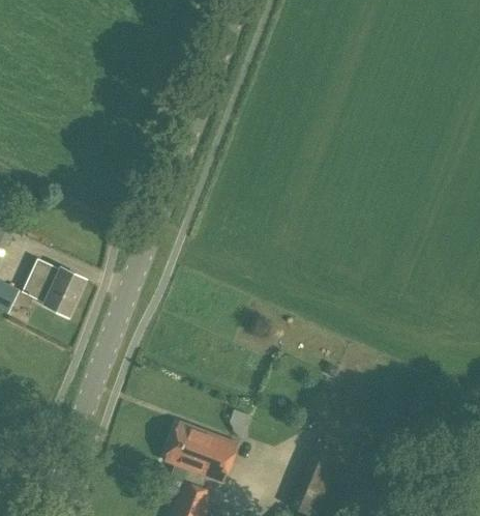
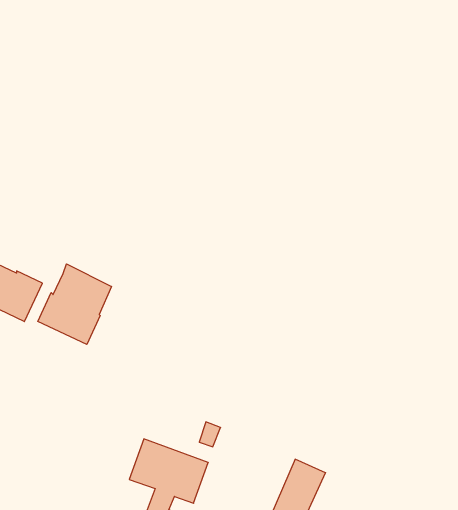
building: none -> [38,264,111,344]

